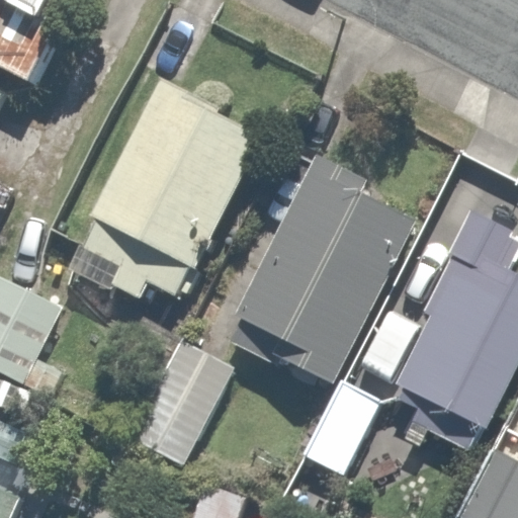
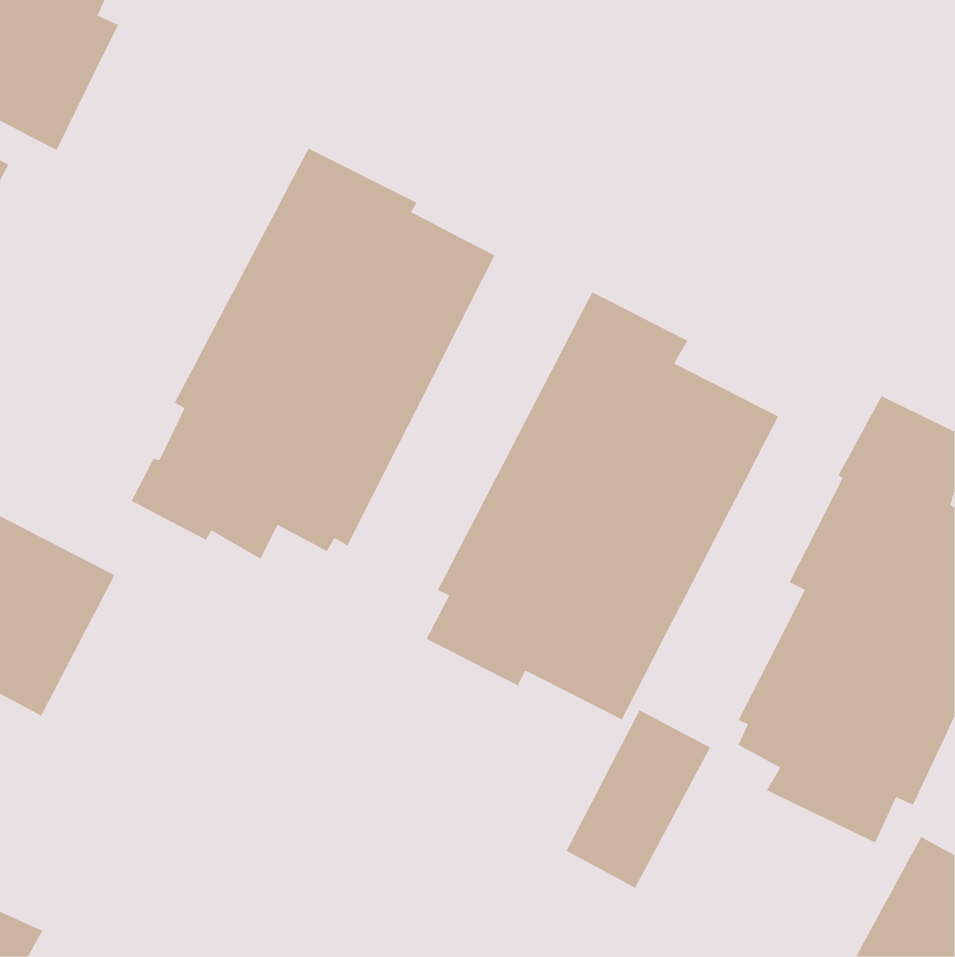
building: [132,338,236,460] -> none

